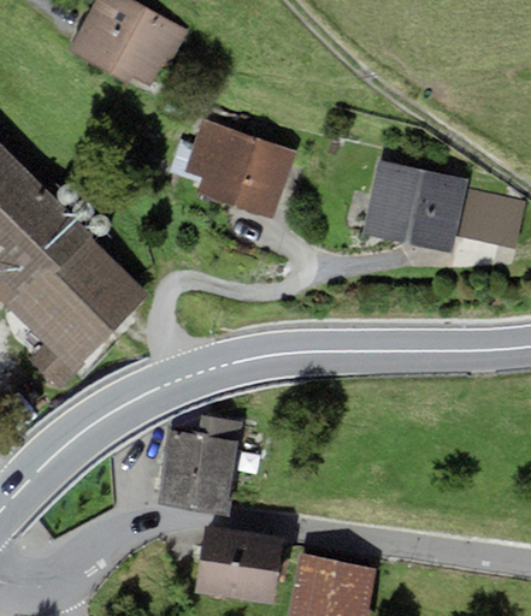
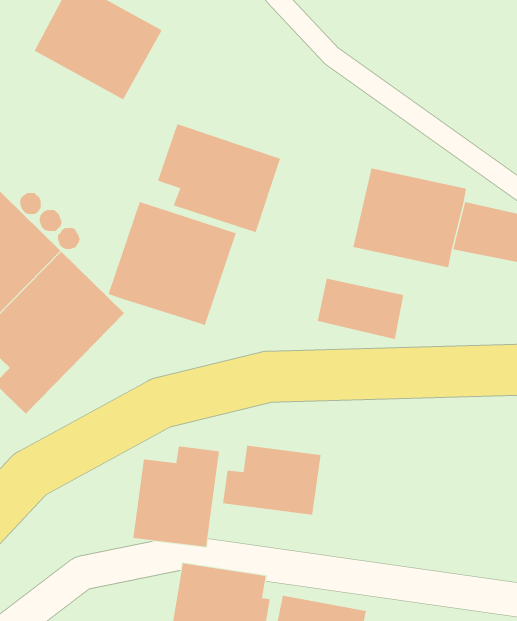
building: none -> [108,201,237,326]
building: none -> [317,278,404,340]
building: none -> [222,445,321,515]

